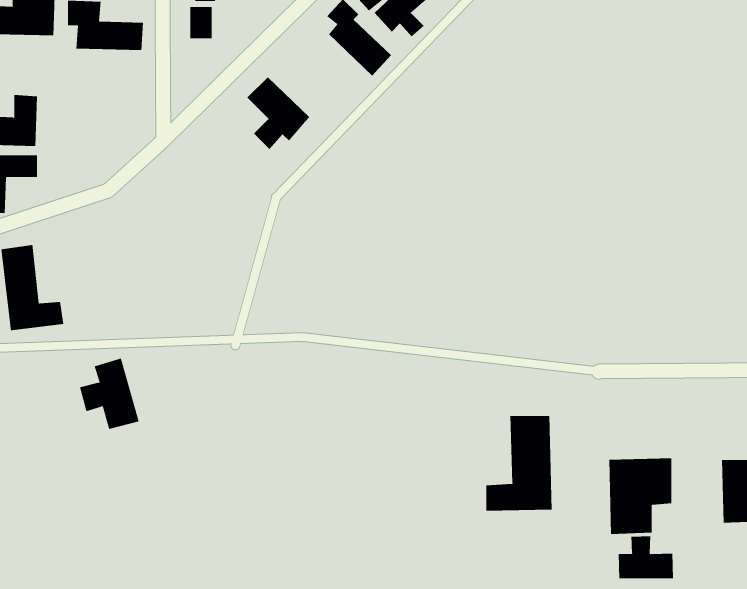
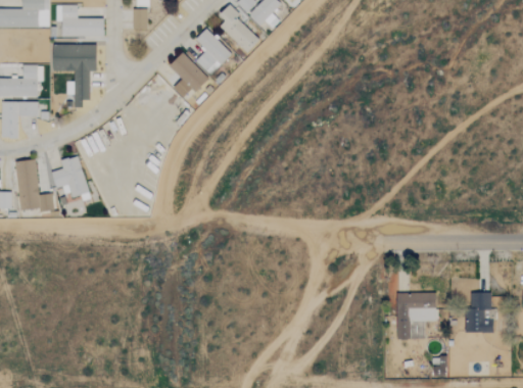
building: none -> [195,29,231,75]
building: none -> [53,45,96,108]
building: [79,358,140,430] -> [51,154,89,199]
building: [486,415,552,512] -> none
building: [618,535,673,579] -> none

